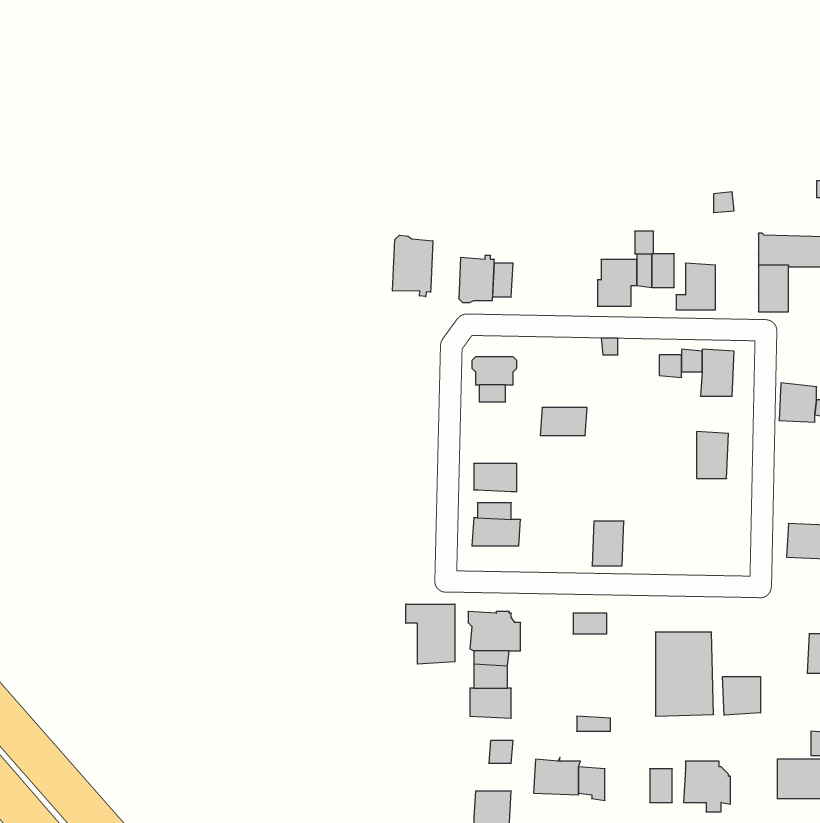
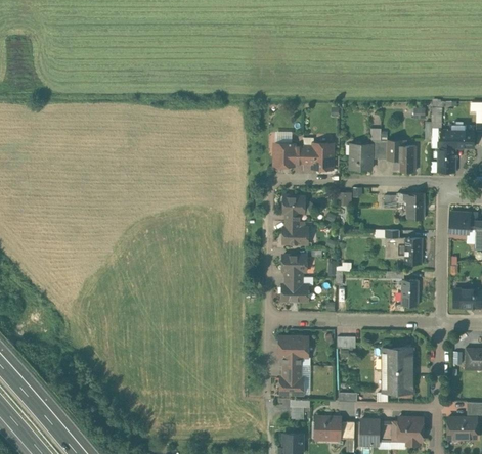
building: [393,235,433,297] -> none
building: none -> [311,142,333,168]
building: [540,408,587,436] -> [282,227,308,242]
building: none -> [385,237,404,257]
building: [592,521,624,566] -> [401,280,419,305]
building: [406,604,455,664] -> none
building: [723,677,760,715] -> none
building: none -> [360,419,379,444]

